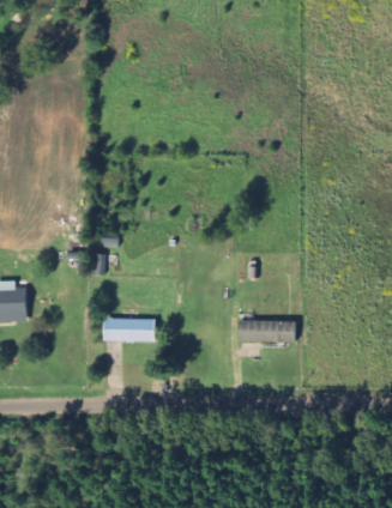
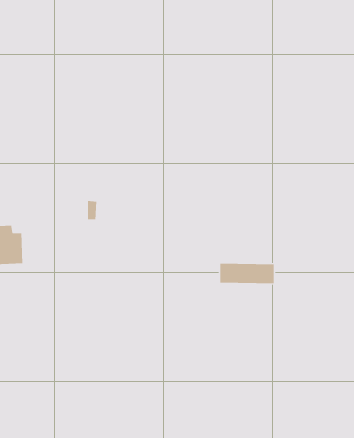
building: [104,318,153,340] -> none

